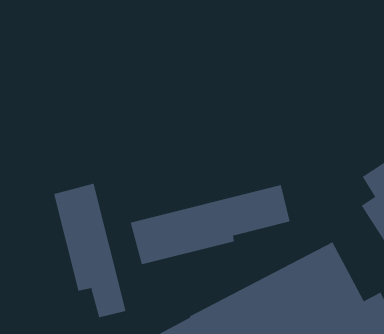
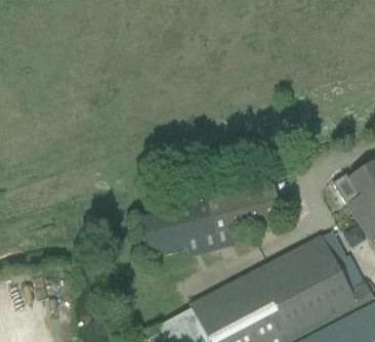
building: [53,183,126,318] -> none

